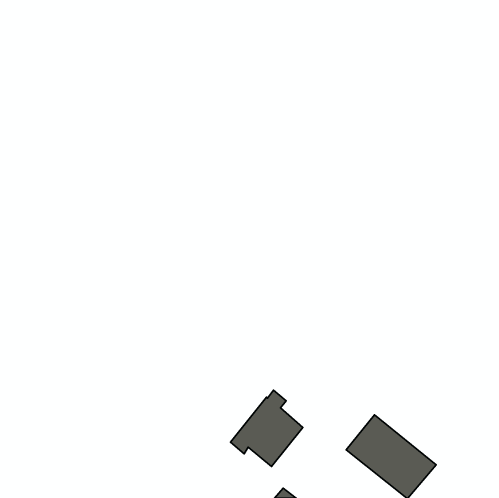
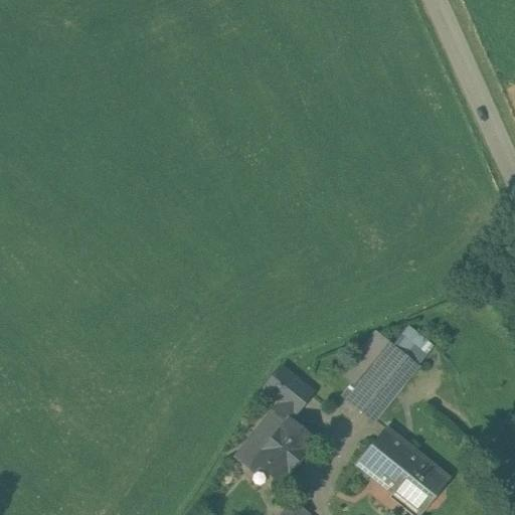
building: none -> [344,333,427,419]
building: none -> [265,365,313,411]

